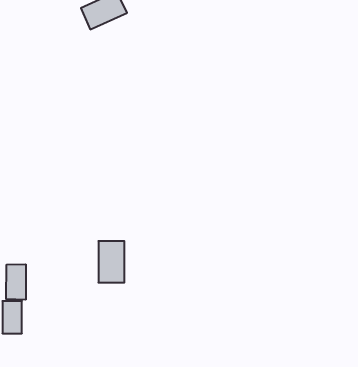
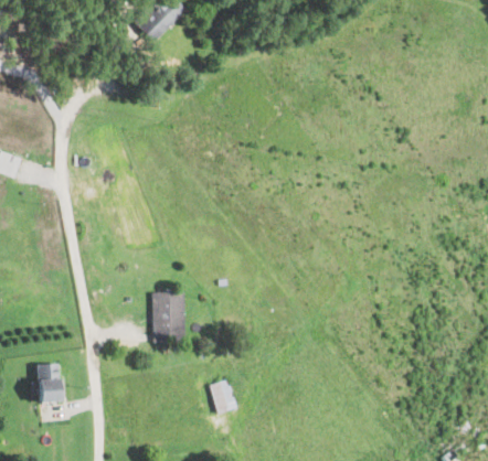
building: [6,264,26,300] -> none
building: none -> [210,380,236,414]

